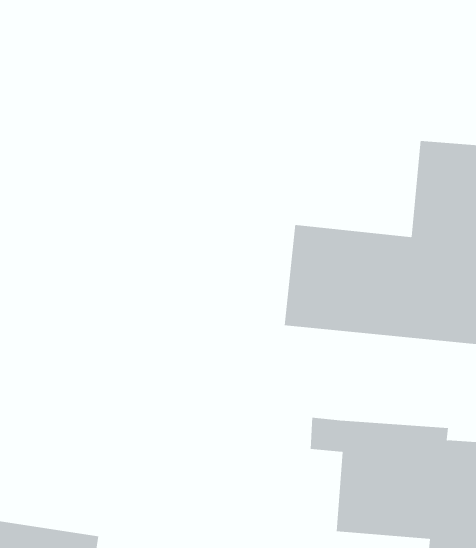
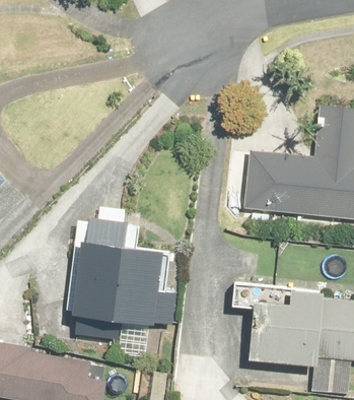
building: none -> [55,220,155,330]

